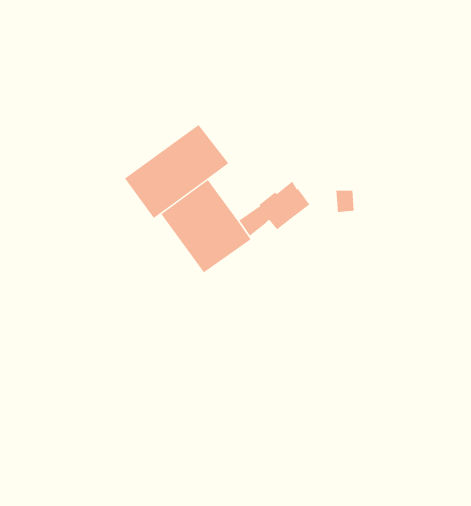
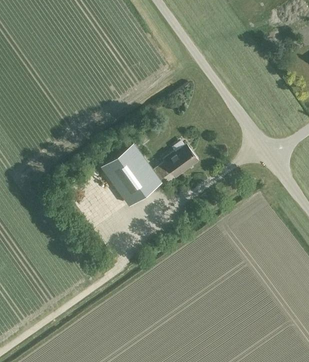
building: [124,124,229,219] -> none

